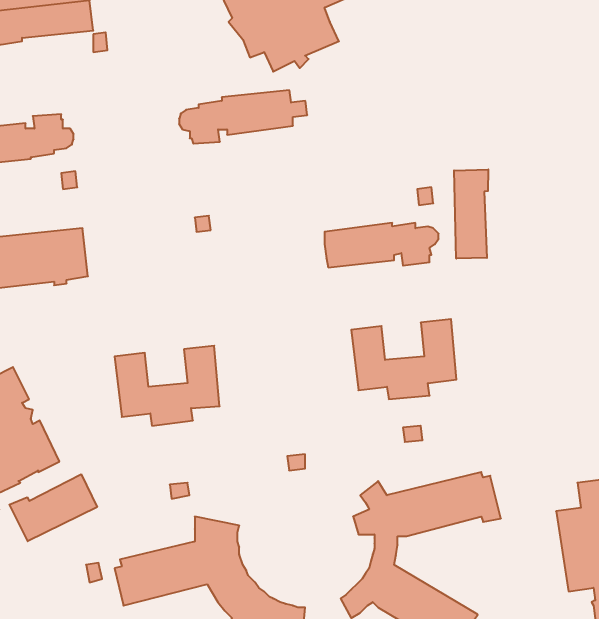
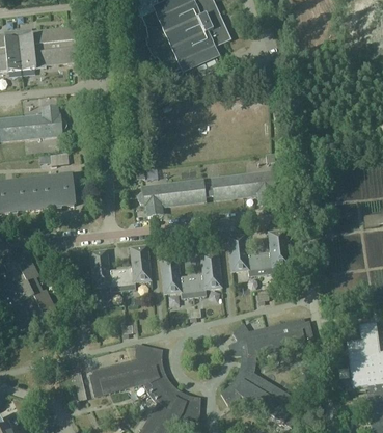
building: [179,90,307,144] -> [138,179,213,210]
building: [454,169,488,259] -> none
building: none -> [160,250,221,298]
building: [9,474,97,541] -> none

